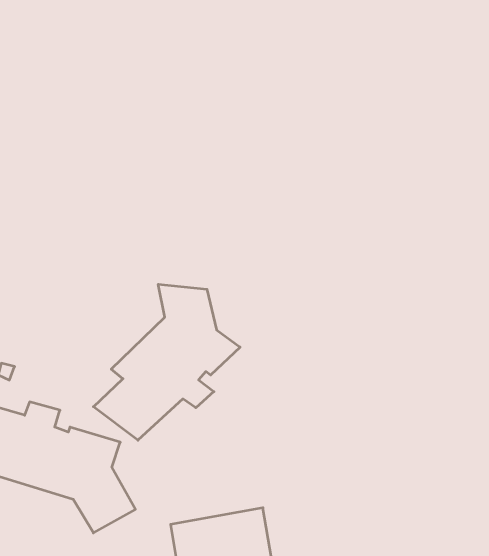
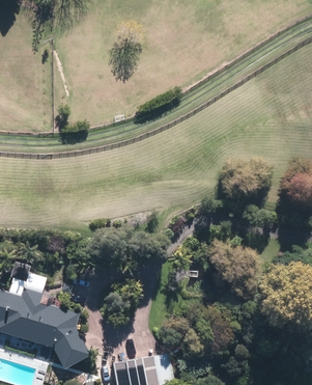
building: [93,284,240,440] -> none

